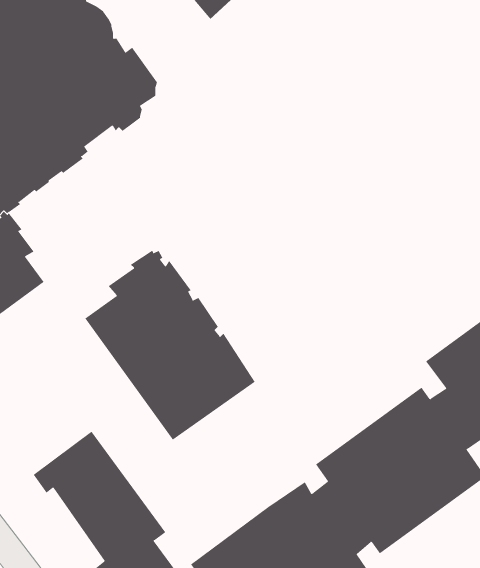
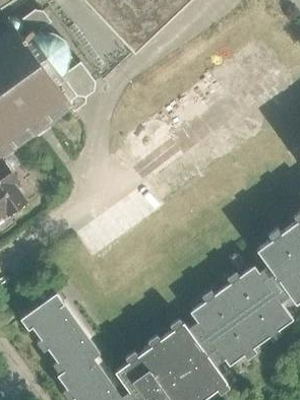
building: [85,250,255,441] -> none

